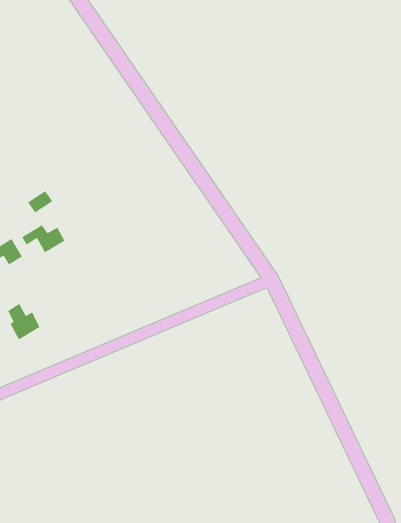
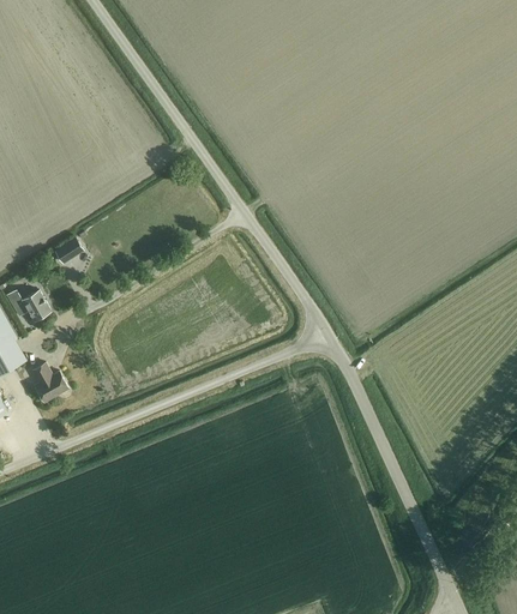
building: [22,224,65,253] -> none

